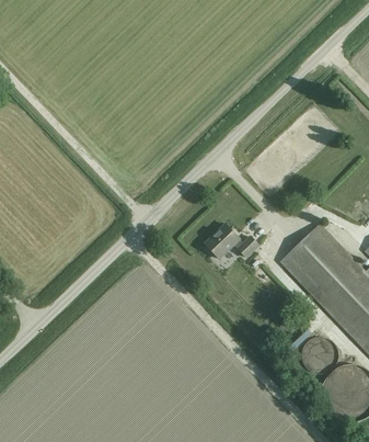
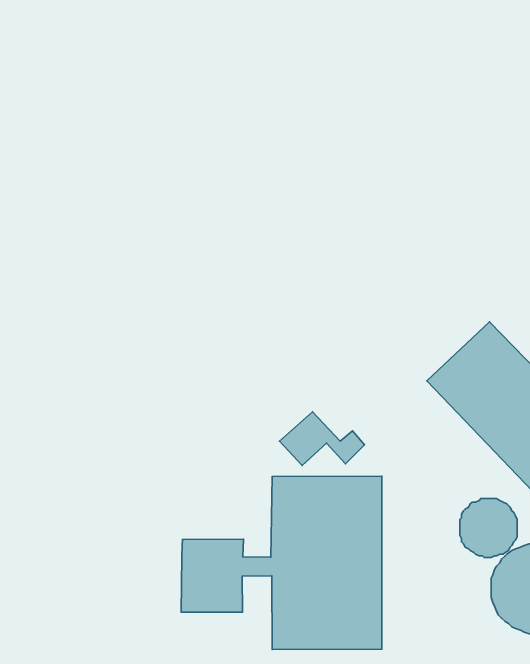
building: [204,225,257,259] -> [280,412,365,466]
building: none -> [181,476,382,650]

